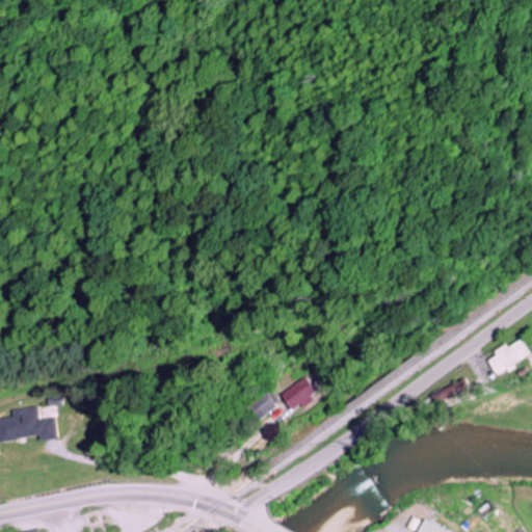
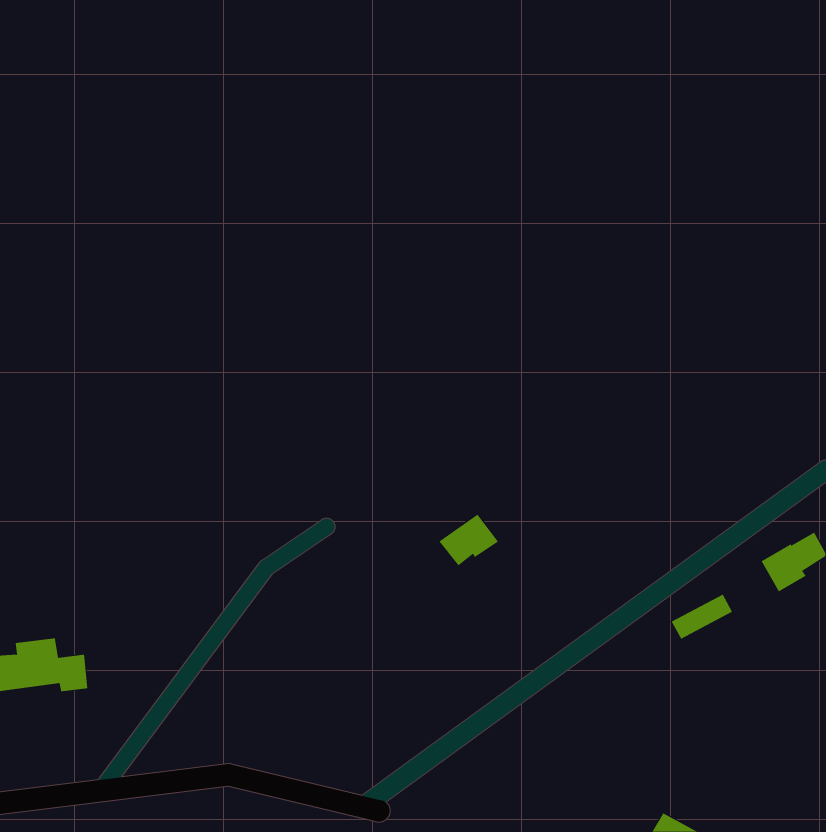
building: [278,376,317,409] -> [439,514,499,566]
building: [249,392,278,419] -> none

